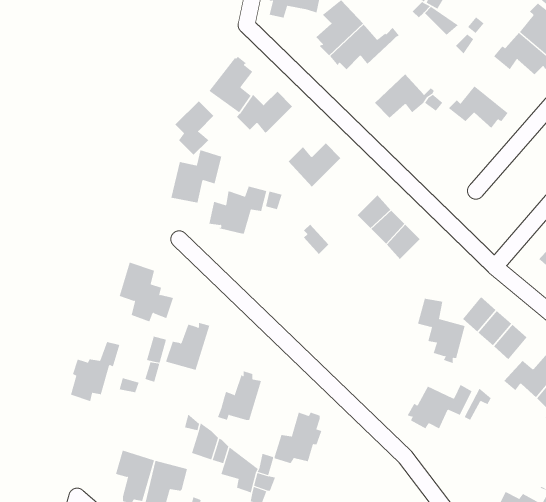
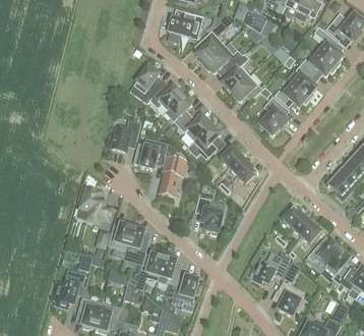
building: none -> [222,53,248,92]
building: none -> [289,64,315,98]
building: [175,100,214,156] -> [168,94,191,126]
building: none -> [259,97,287,134]
building: none -> [193,124,220,157]
building: none -> [159,156,179,195]
building: [417,298,466,364] -> [194,197,223,235]
building: none -> [125,223,147,256]
building: [70,341,120,402] -> [55,272,84,307]
building: none -> [159,255,179,285]
building: none -> [277,281,303,316]

